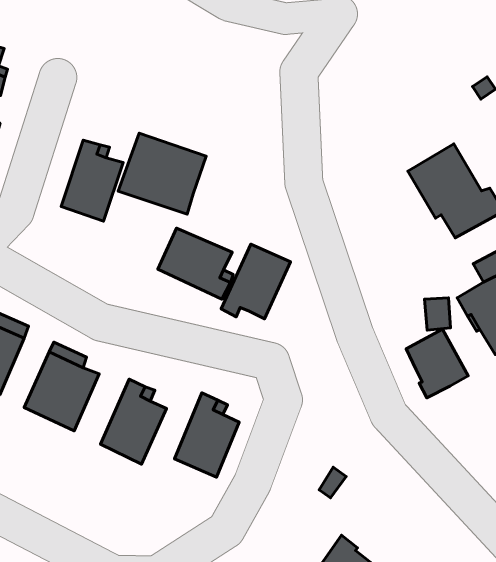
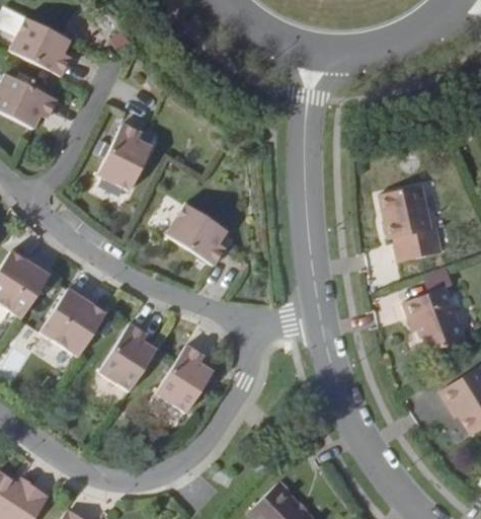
building: [118,133,206,214] -> none
building: [221,244,291,319] -> none
building: [406,329,468,398] -> none

